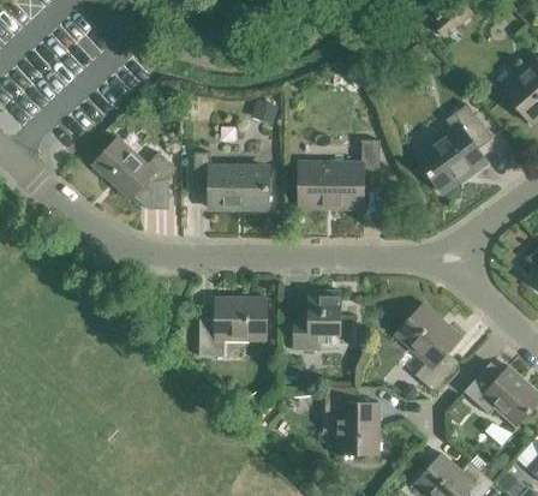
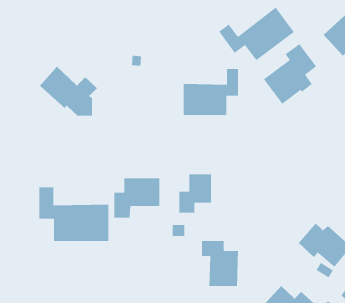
building: none -> [218,7,295,61]
building: [193,153,267,209] -> none
building: [394,303,461,392] -> none
building: none -> [38,187,109,242]

